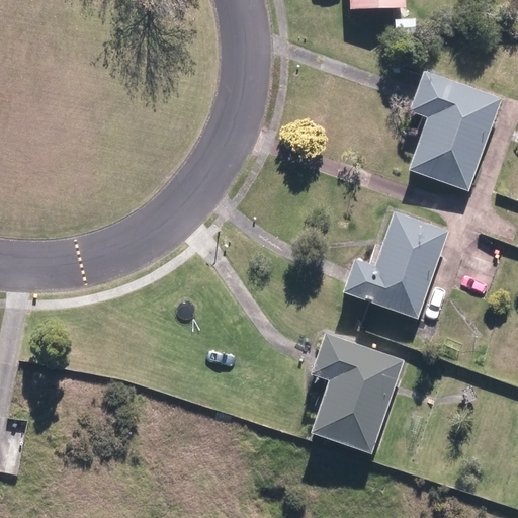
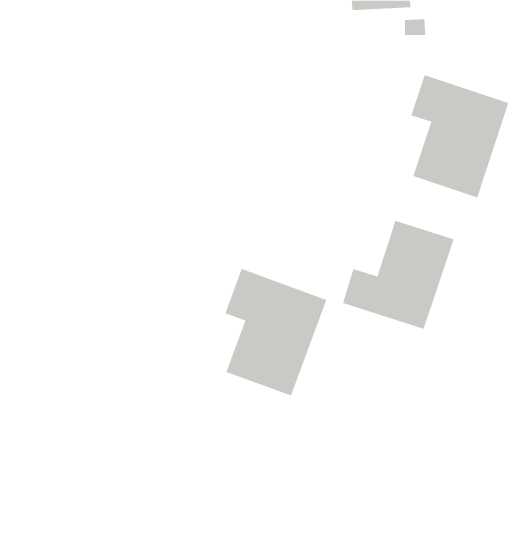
building: [307,330,406,453] -> [224,268,327,396]

